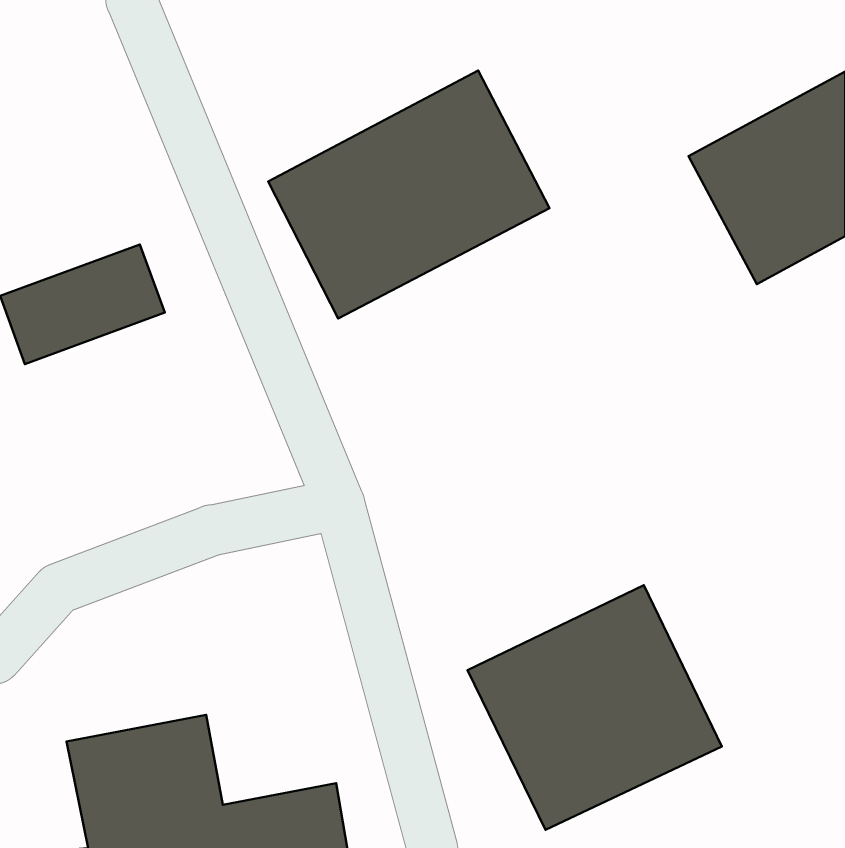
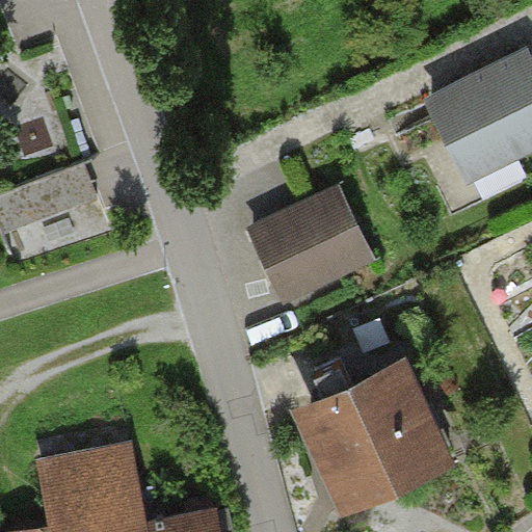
building: [268,70,550,319] -> none
building: none -> [252,188,375,303]

